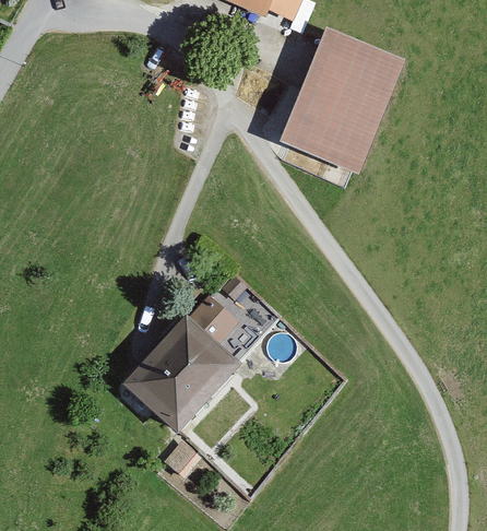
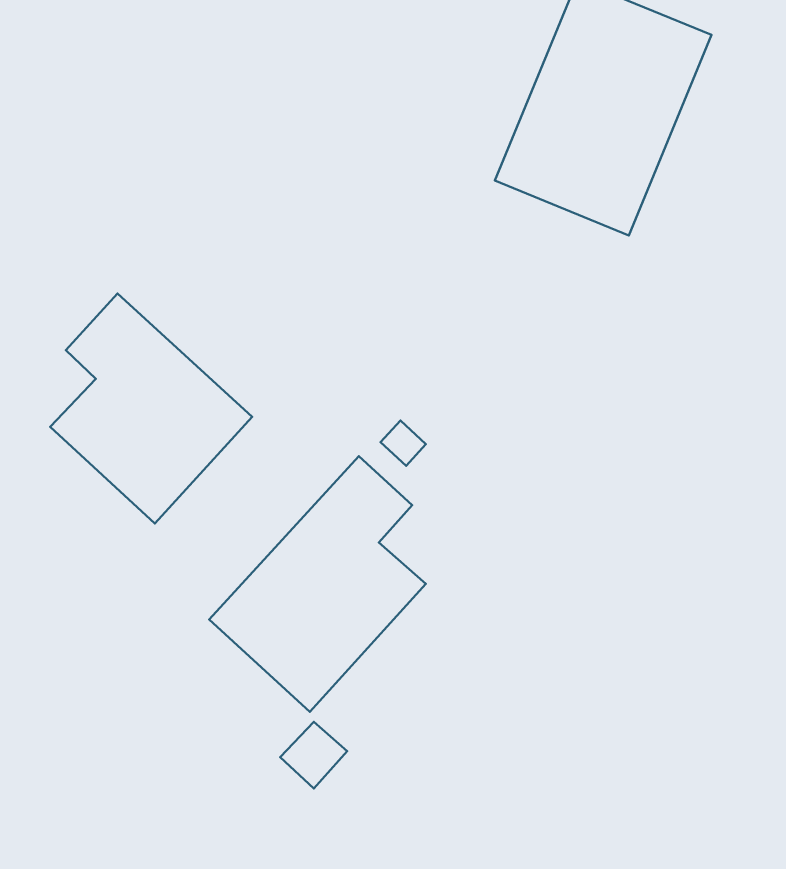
building: none -> [50,294,252,524]

